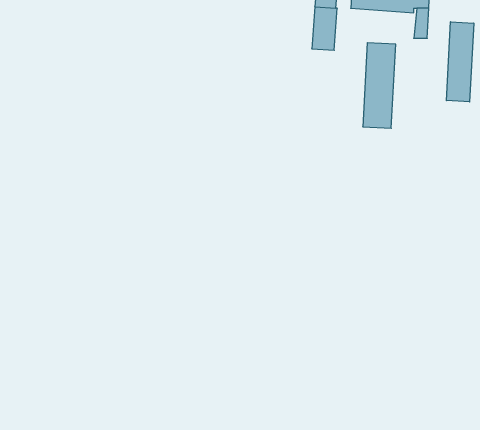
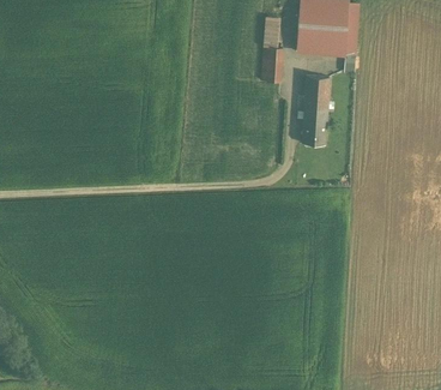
building: [446,22,474,102] -> none

